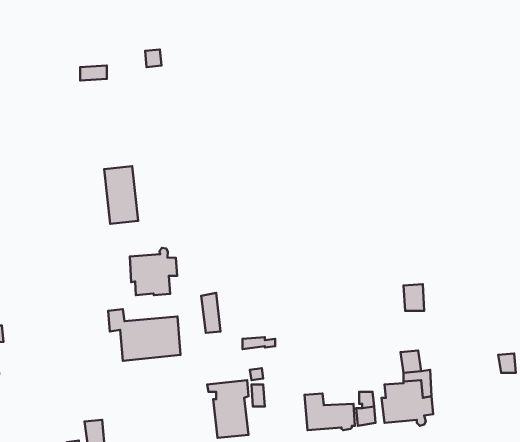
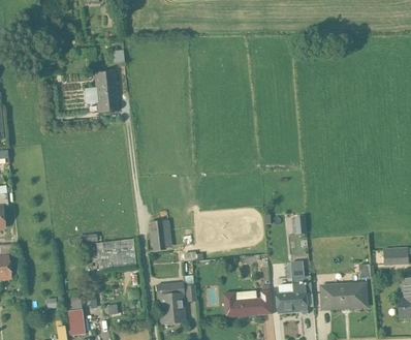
building: [104,166,138,224] -> [94,71,118,112]
building: [130,248,177,295] -> none
building: none -> [321,283,367,308]

